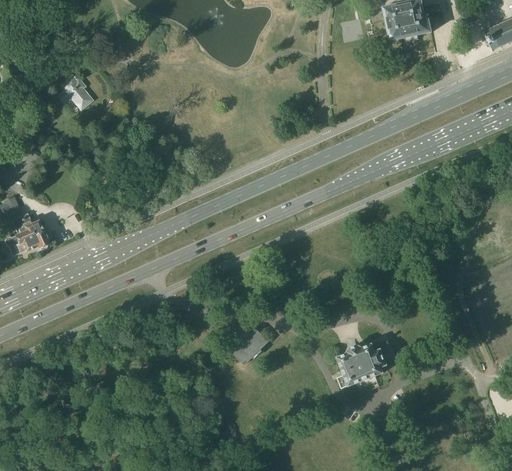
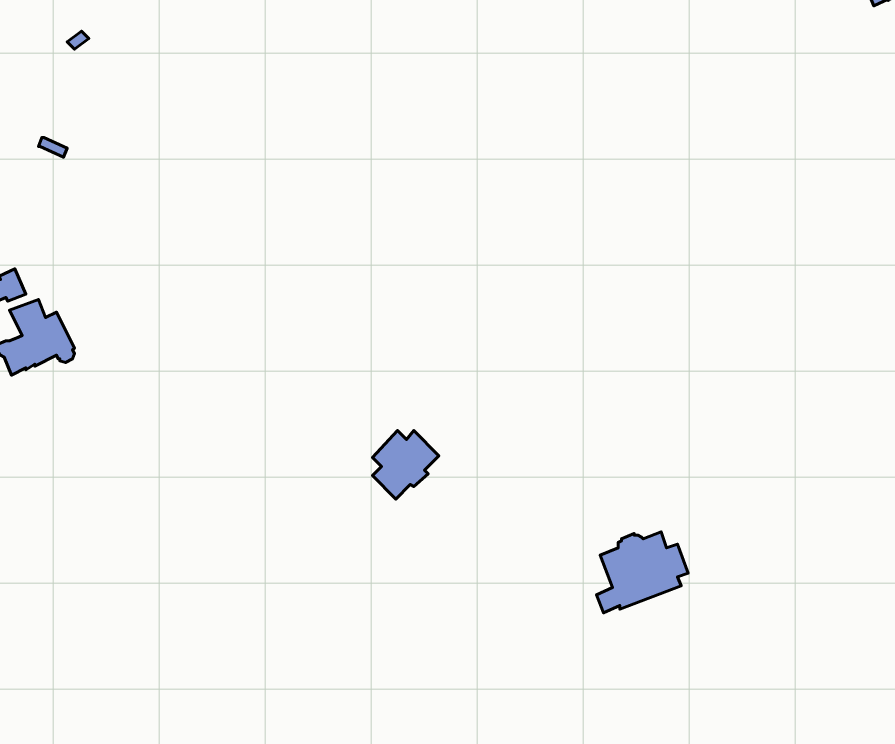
building: [61,76,92,107] -> none
building: [232,326,269,364] -> [372,431,439,499]

